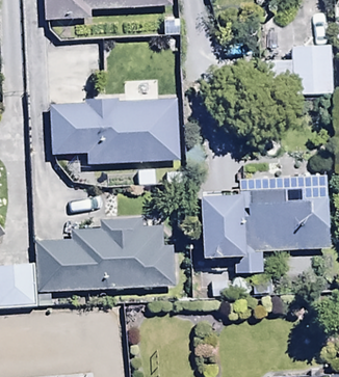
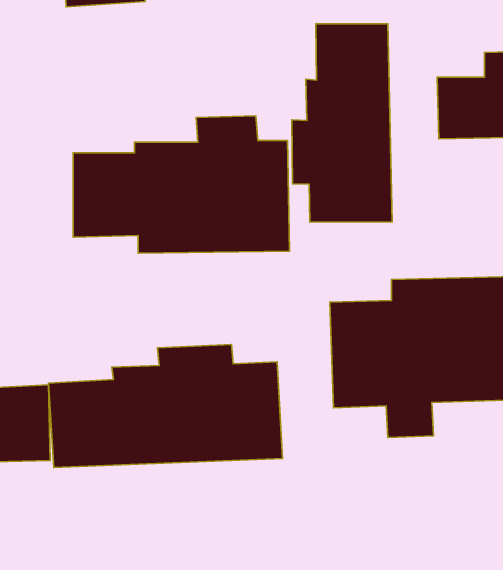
building: none -> [292,24,392,222]

